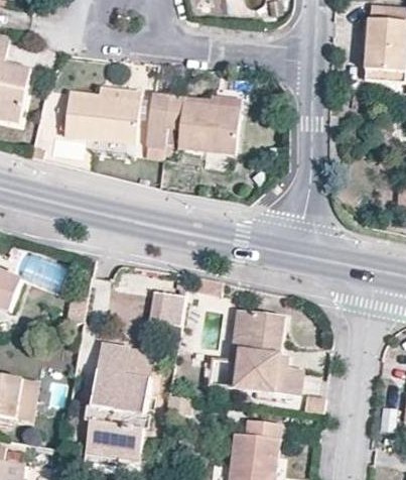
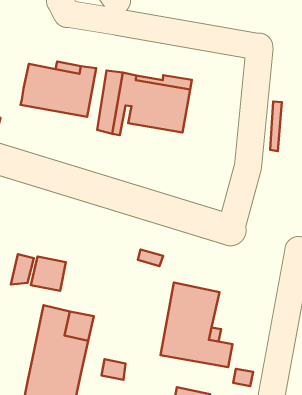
building: [148,291,183,326] -> [31,256,66,291]

